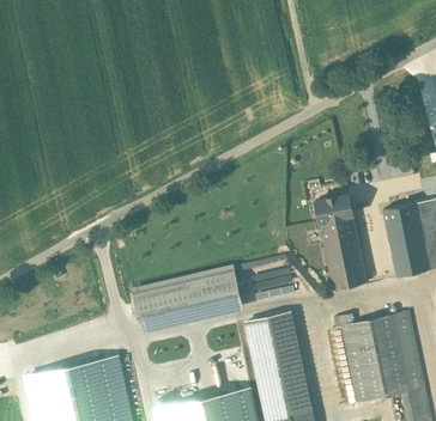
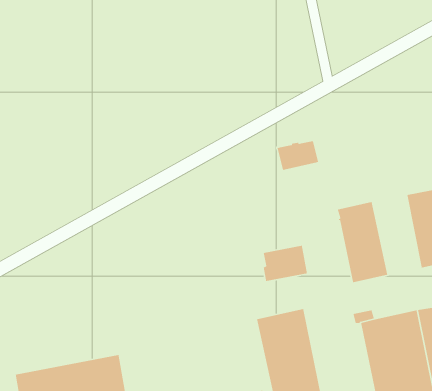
building: [315,195,353,224] -> [277,139,319,171]
building: [134,268,240,323] -> none

